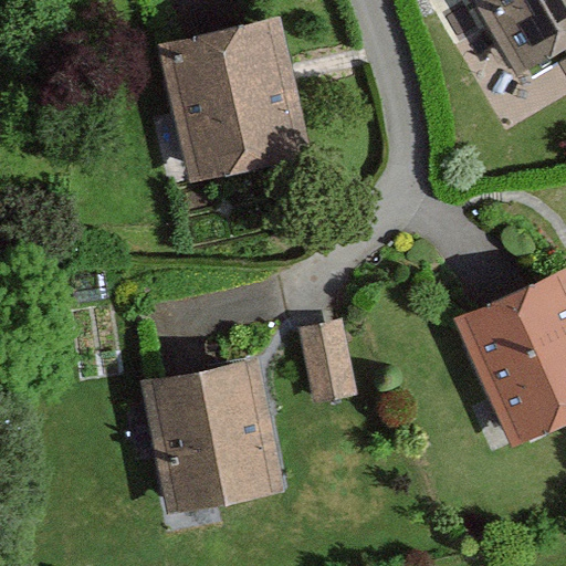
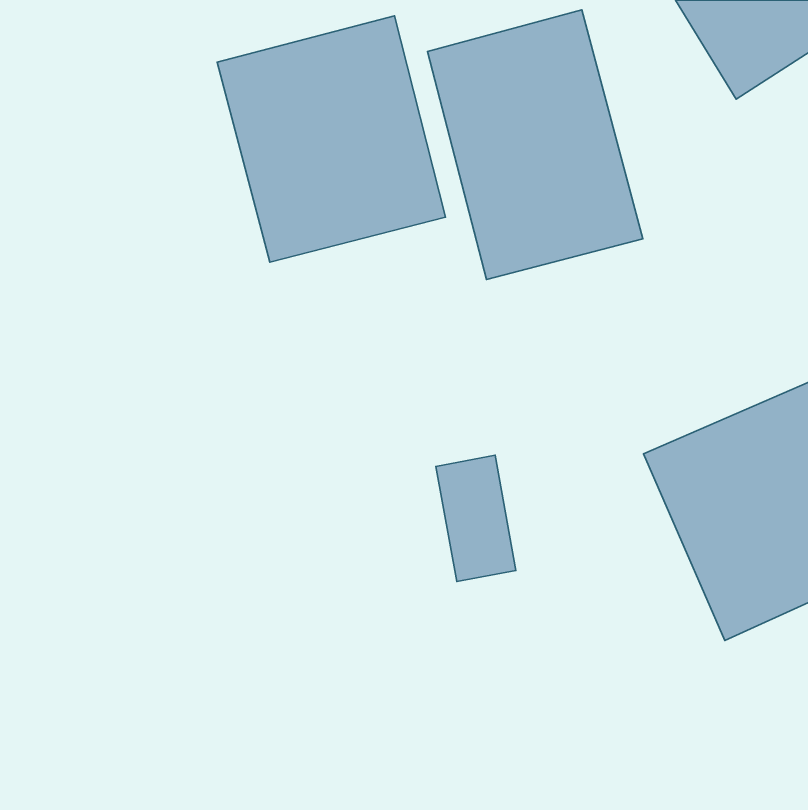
building: none -> [428,10,643,280]
building: [143,359,283,514] -> none

